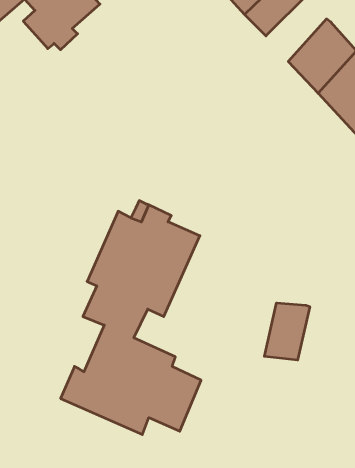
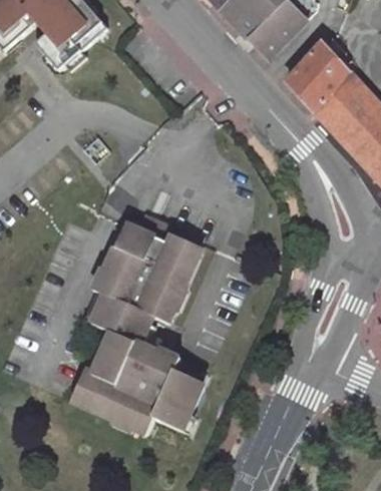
building: [264,303,310,360] -> none

